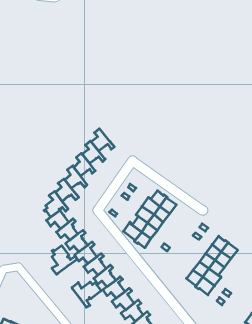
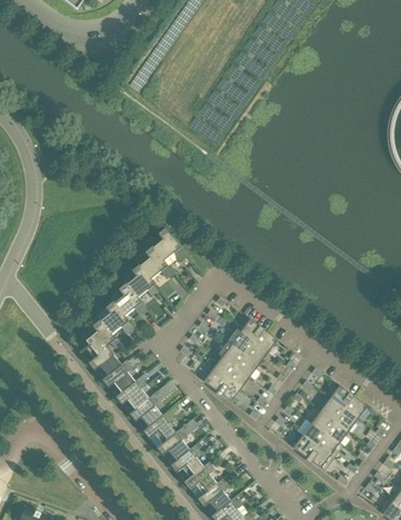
building: [52,246,77,274] -> none
building: [72,282,101,307] -> none

